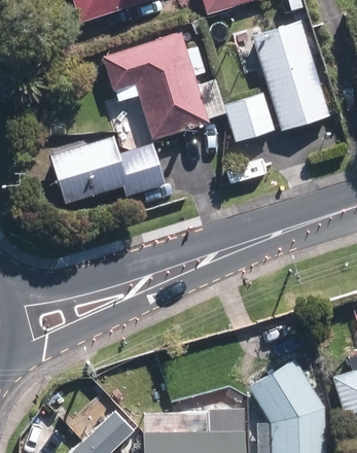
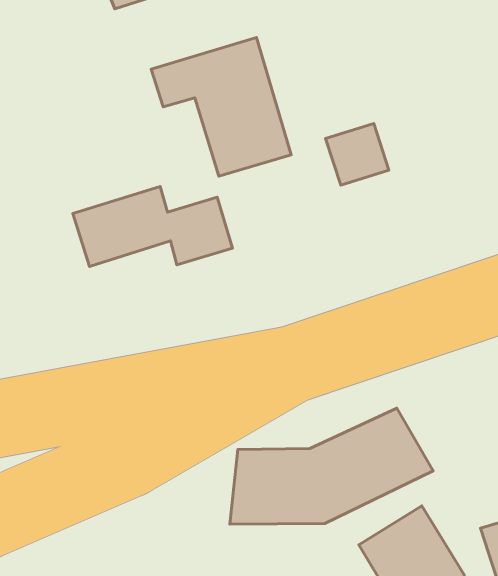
building: [255,27,326,129] -> none
building: none -> [230,408,433,524]

